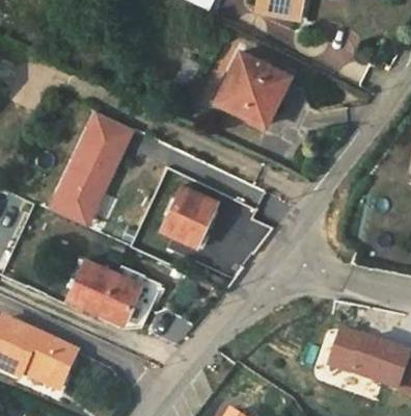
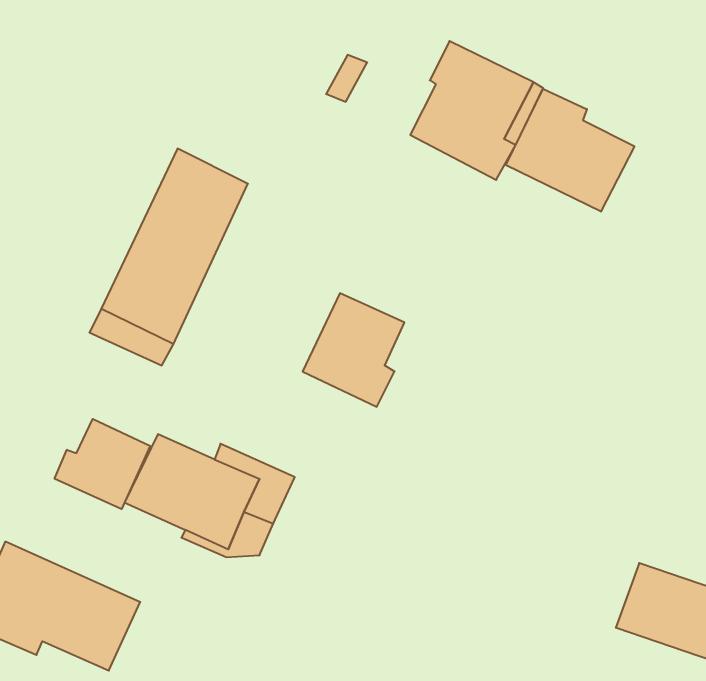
building: none -> [506,89,634,212]
building: none -> [55,419,150,509]

